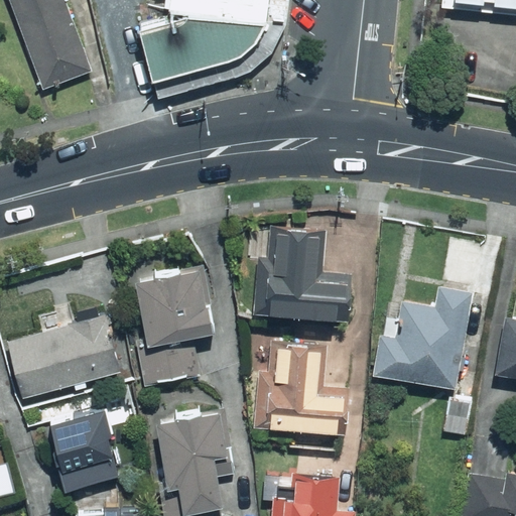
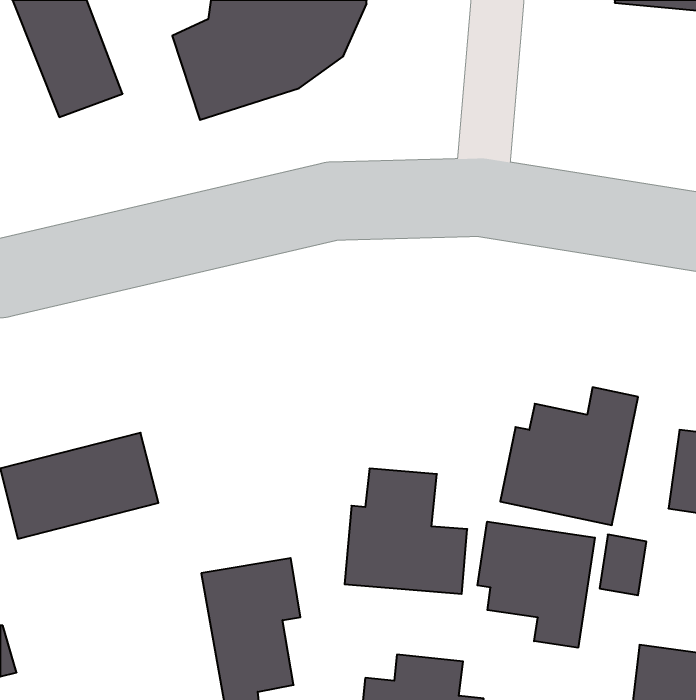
building: [256,227,352,319] -> none
building: [136,269,211,383] -> none
building: none -> [477,522,595,648]
building: [46,409,127,507] -> none

